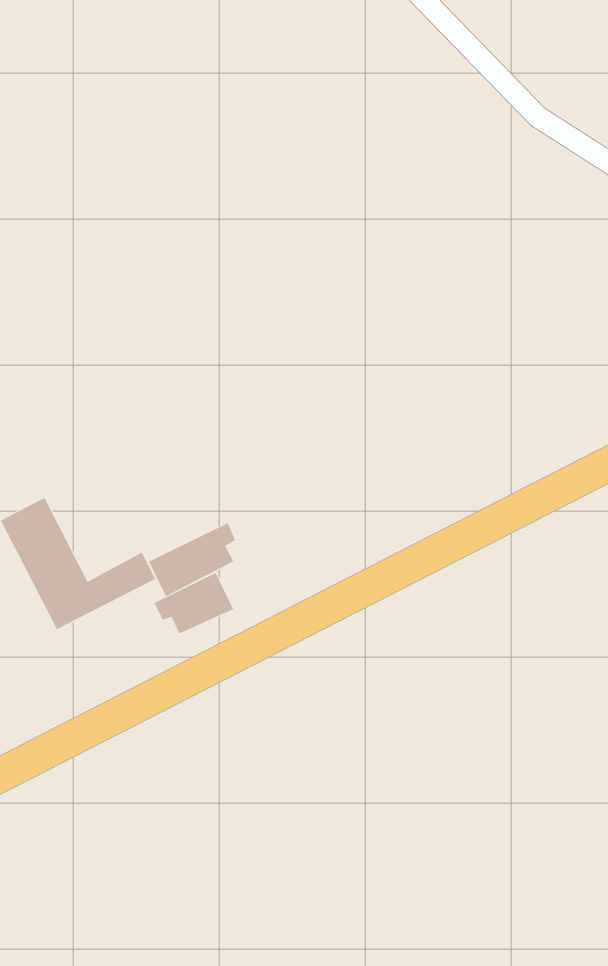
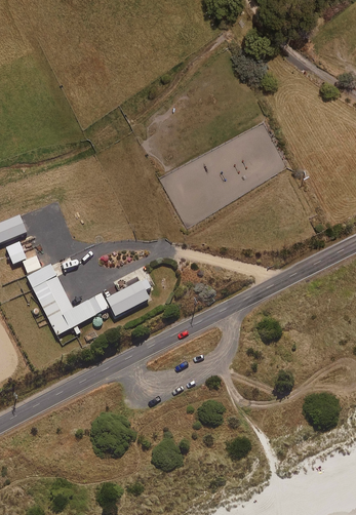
building: [153,572,234,634] -> none

